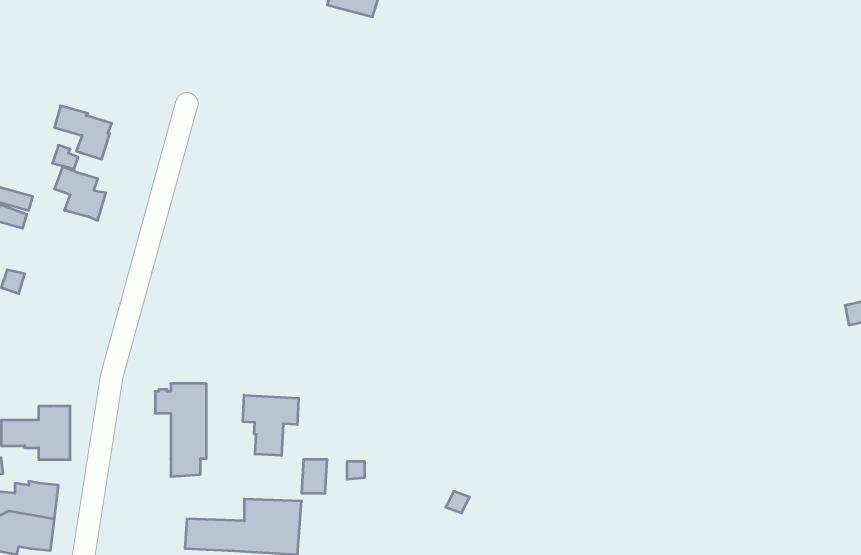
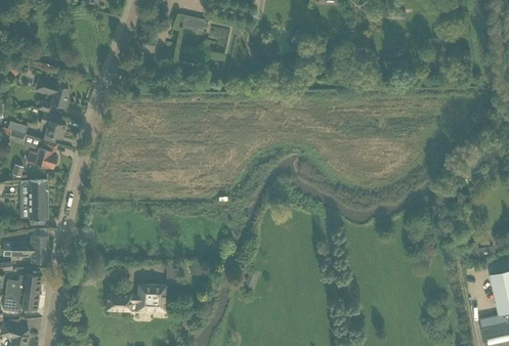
building: none -> [27,139,56,168]
building: [155,384,206,476] -> [20,180,47,228]
building: [243,395,299,456] -> none

